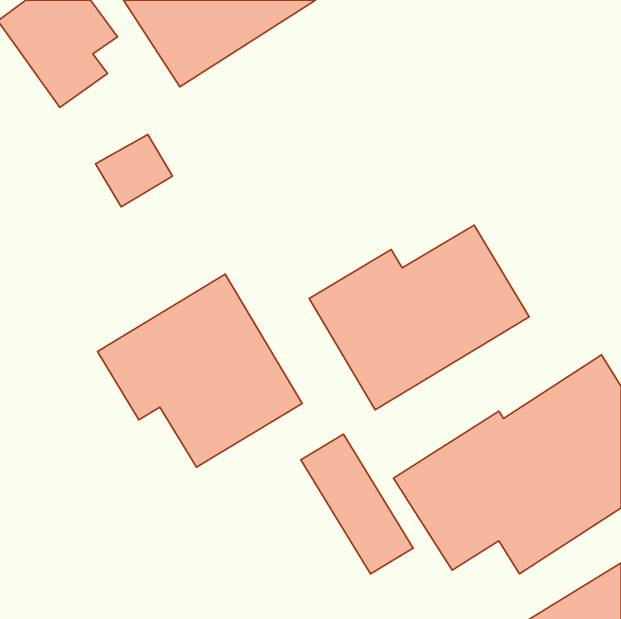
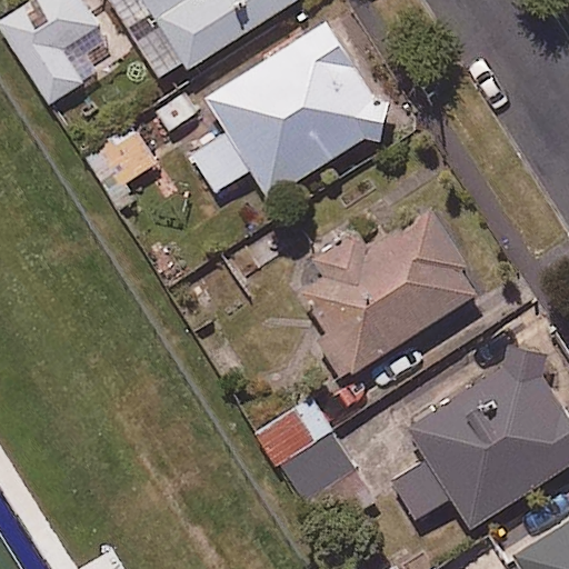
building: none -> [188,21,390,197]
building: [97,274,302,467] -> none

